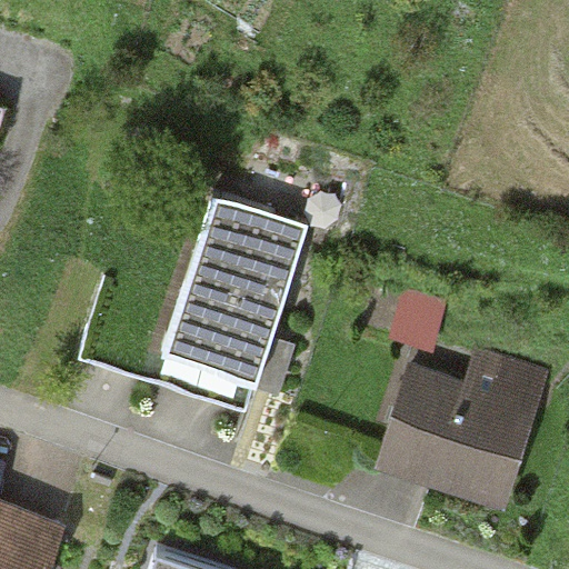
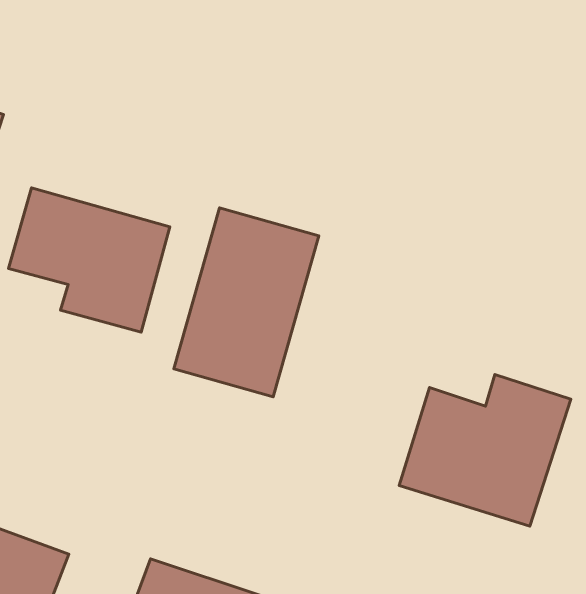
building: none -> [9,188,170,332]

